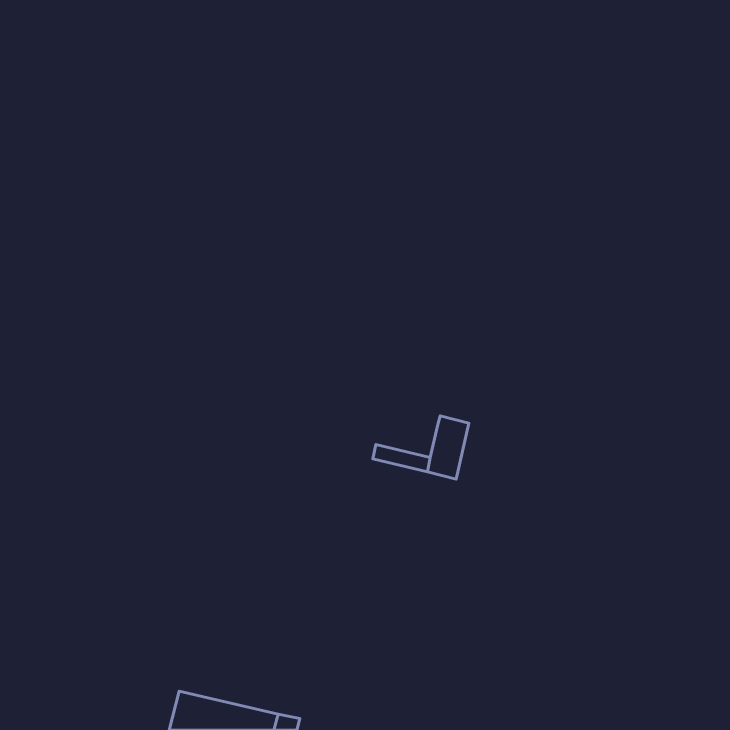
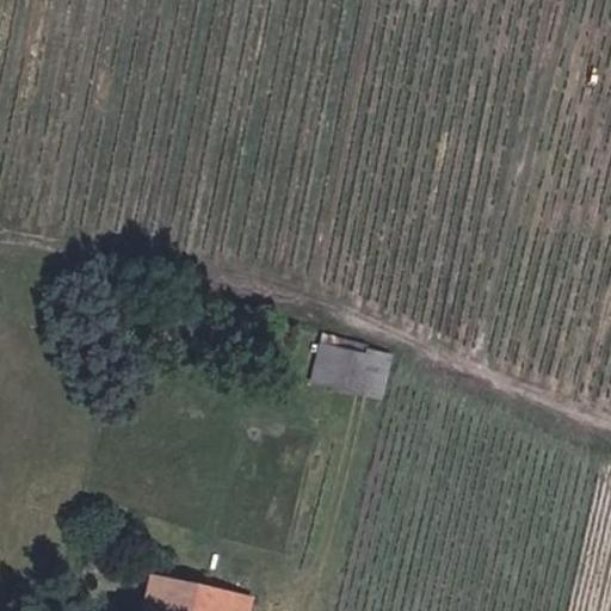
building: none -> [315,344,366,381]

